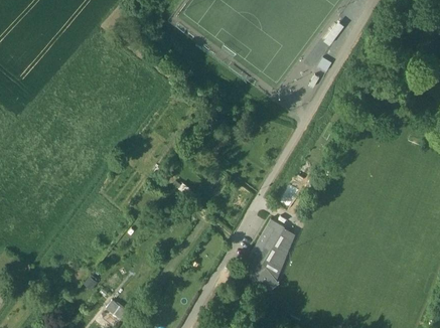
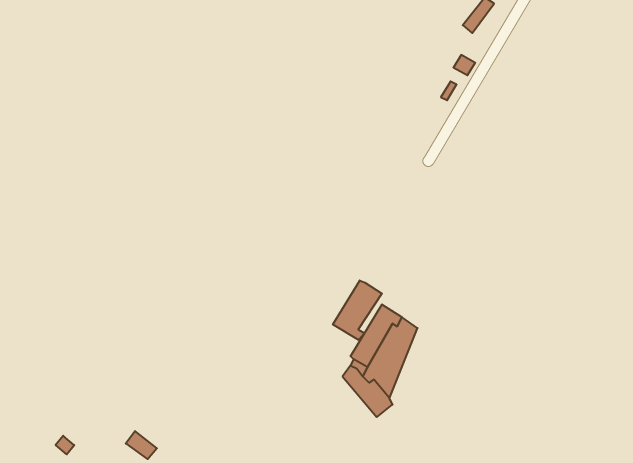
building: none -> [333,280,382,340]

